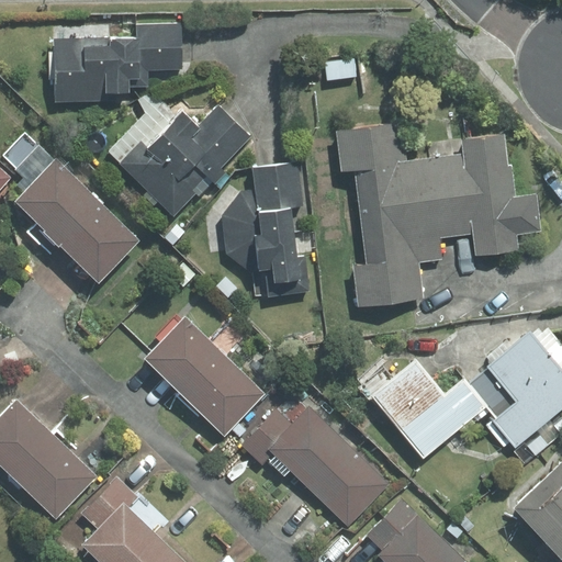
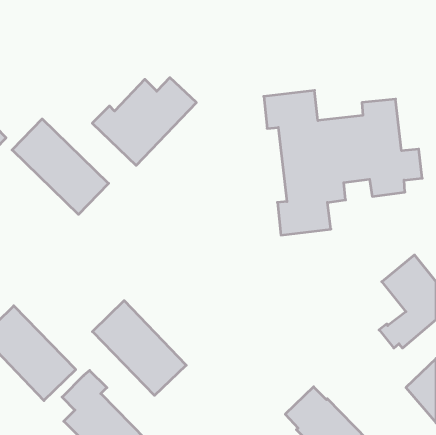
building: [50,27,182,103] -> none
building: [220,162,311,299] -> none
building: [145,314,265,435] -> [92,301,186,395]
building: [372,357,487,457] -> none
building: [238,406,386,529] -> none

